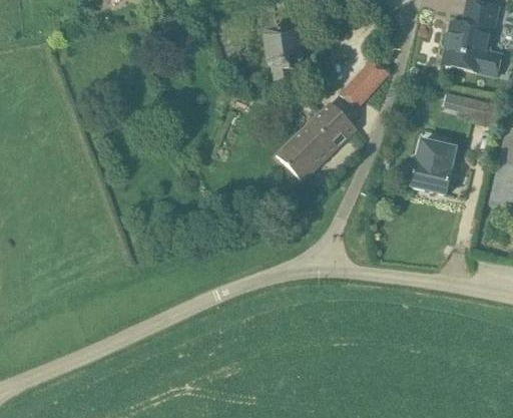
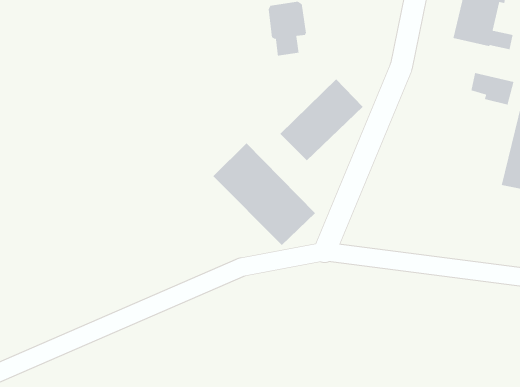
building: [340,57,390,108] -> none
building: [412,138,456,193] -> none
building: none -> [212,142,316,246]

